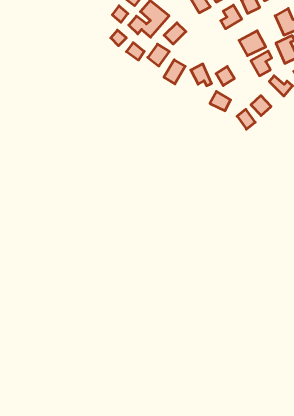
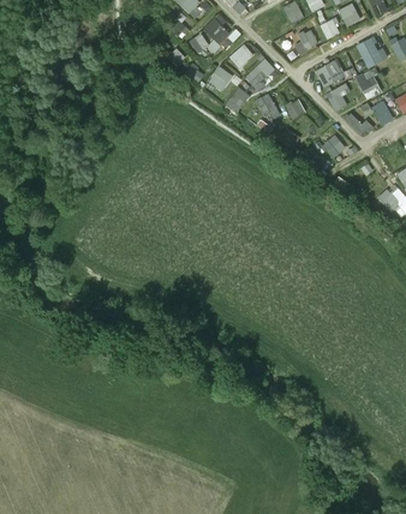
building: none -> [244,58,279,90]

